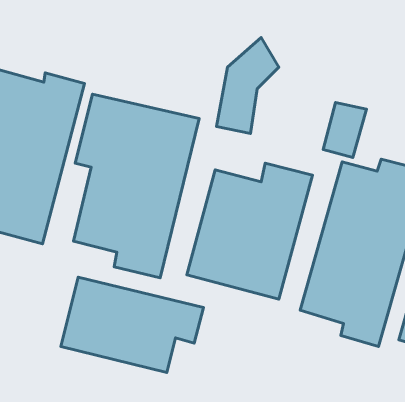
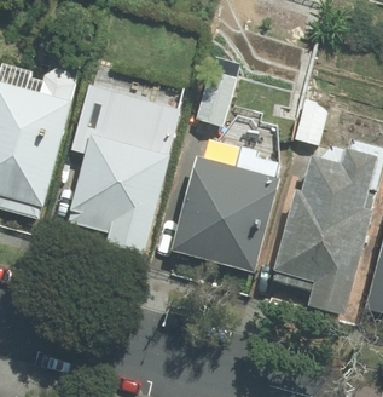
building: [61,277,203,373] -> none

